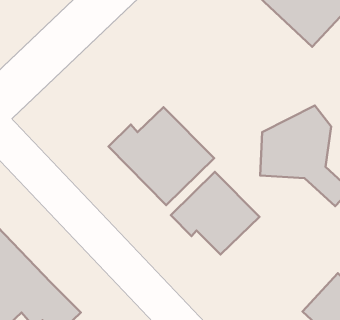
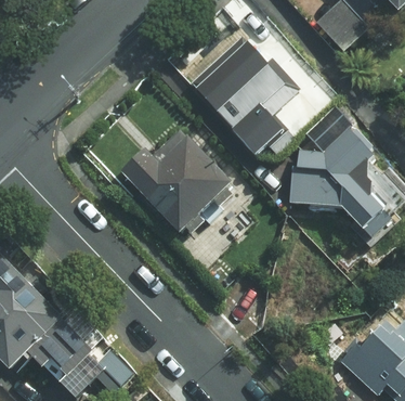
building: none -> [188,29,293,158]
building: [171,172,260,255] -> none

